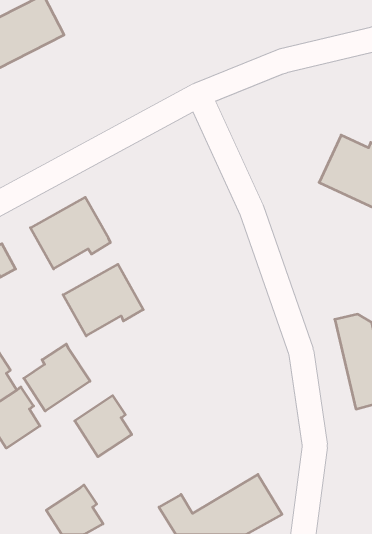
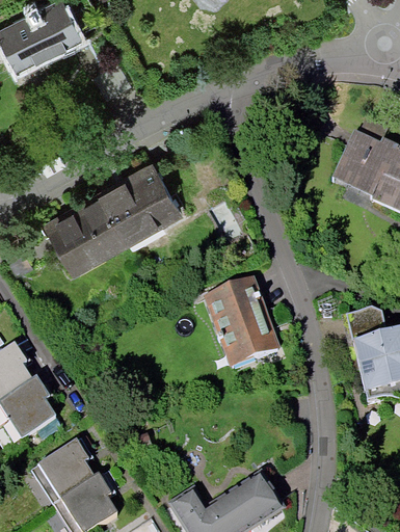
building: [63,264,143,336] -> [101,165,180,236]
building: none -> [207,282,278,368]
building: [24,344,90,411] -> none
building: [75,396,132,457] -> [39,444,96,504]

